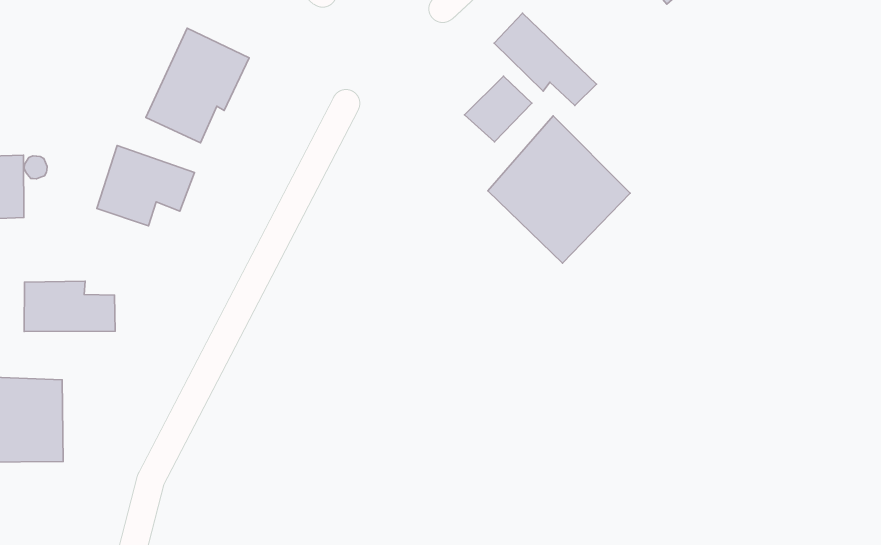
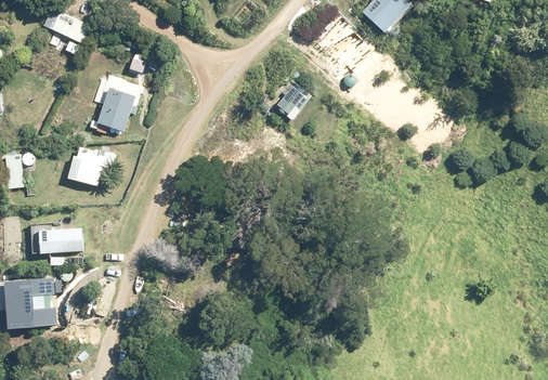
building: [494,13,597,106] -> none
building: [488,116,630,263] -> none

